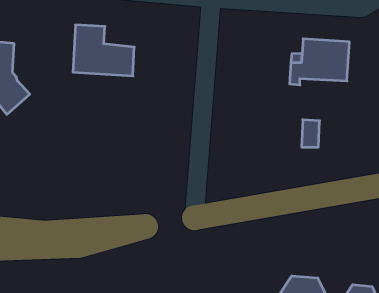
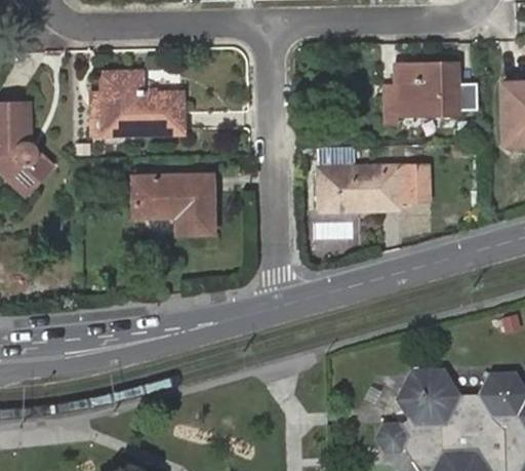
building: none -> [135,178,214,234]
building: none -> [317,165,398,210]

